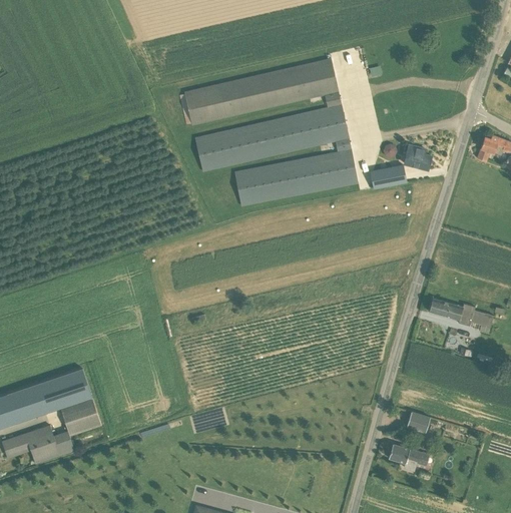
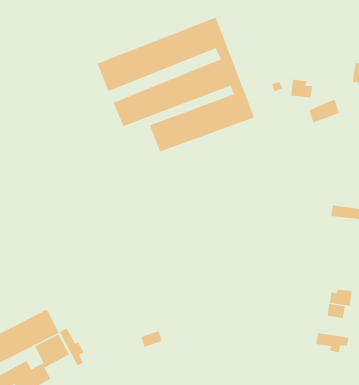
building: [370,164,406,188] -> [308,99,340,123]
building: none -> [59,328,85,366]
building: none -> [329,289,352,307]

